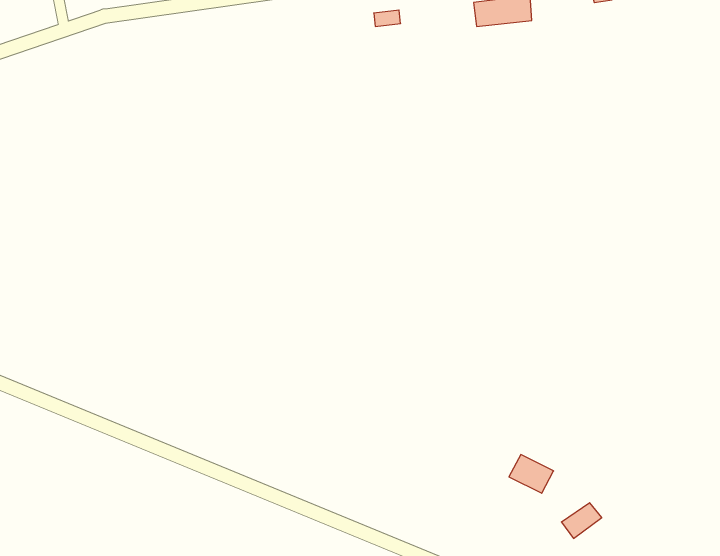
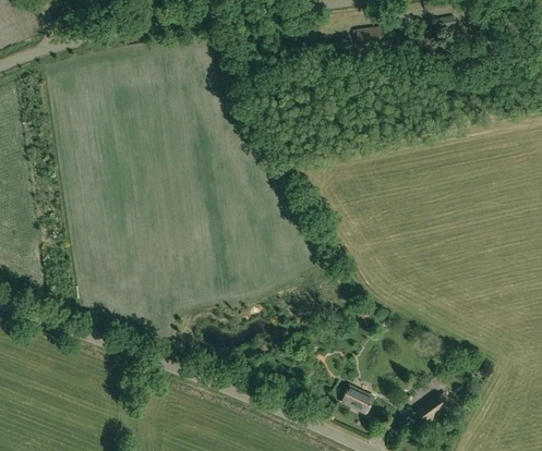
building: [509,455,554,493] -> [341,386,374,414]

